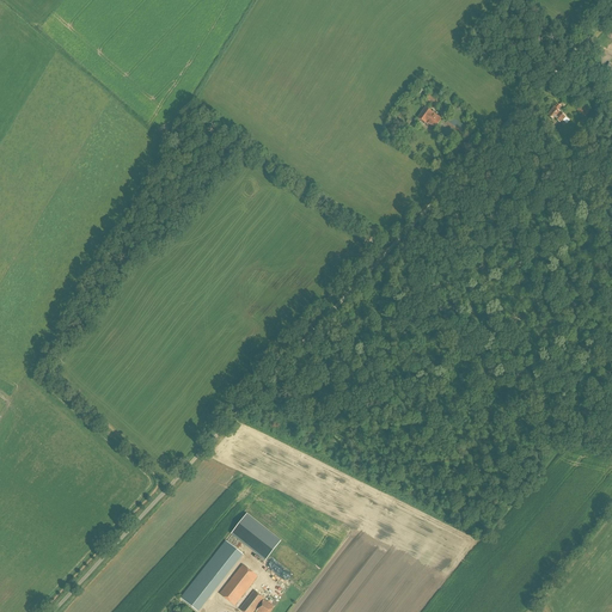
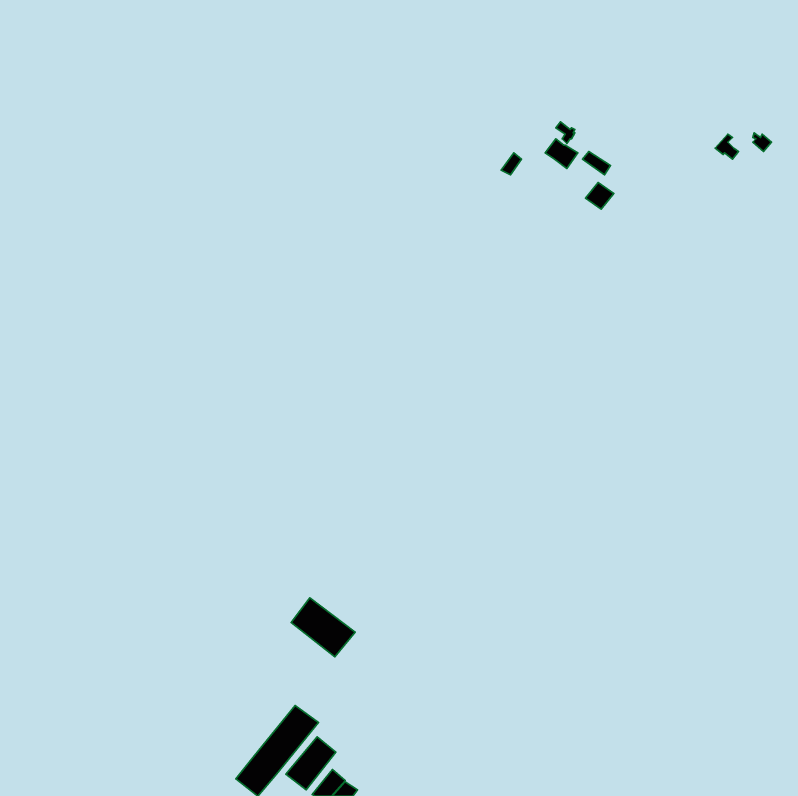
building: [232,514,281,559] -> [291,598,355,657]

